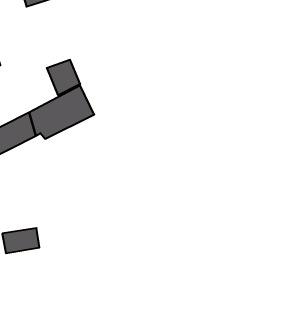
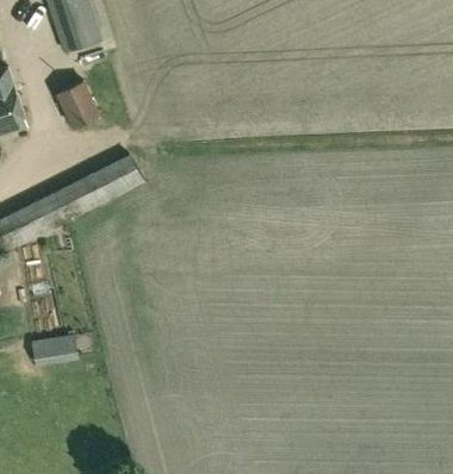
building: [47,60,80,95] -> [56,83,99,129]

